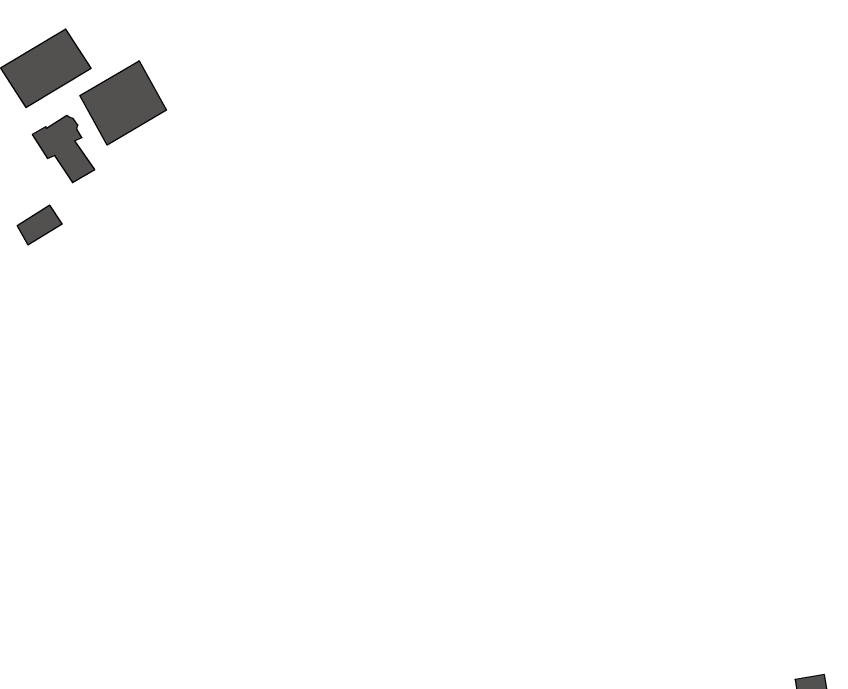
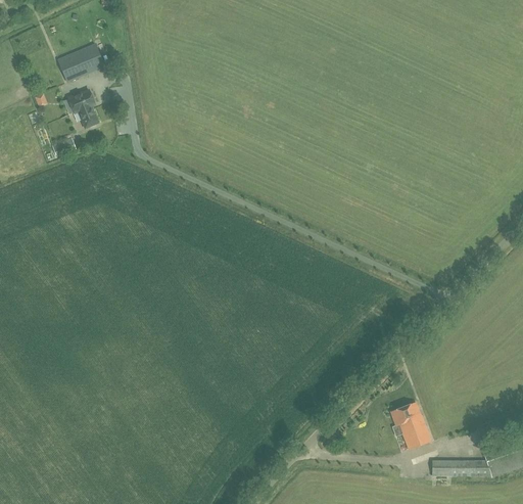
building: [80,61,166,145] -> none
building: none -> [390,401,430,449]

